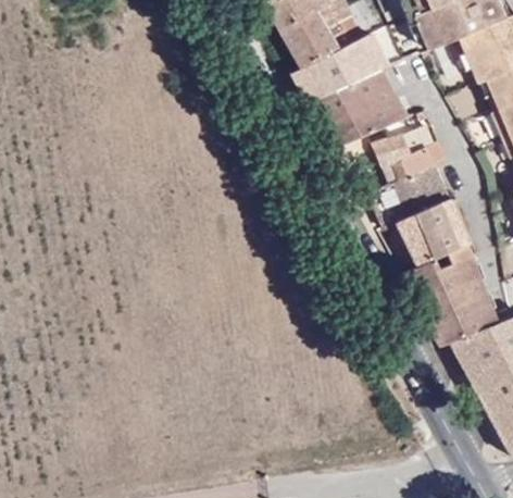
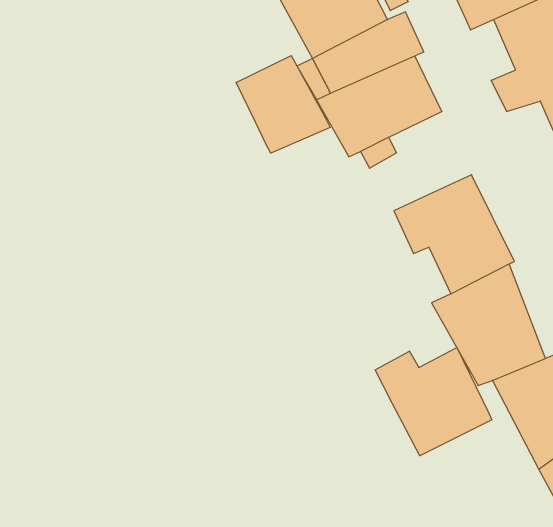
building: none -> [236,56,330,153]
building: [377,119,454,185] -> none
building: none -> [375,348,492,456]

